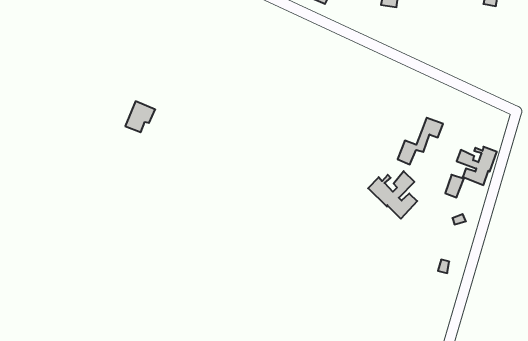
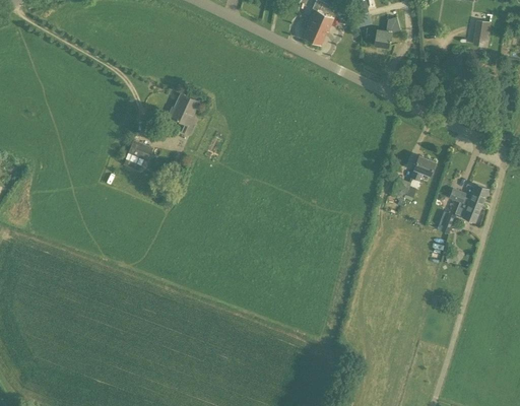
building: none -> [168,93,197,134]
building: [368,171,417,219] -> none

